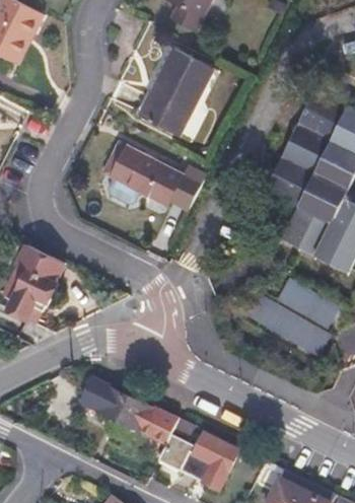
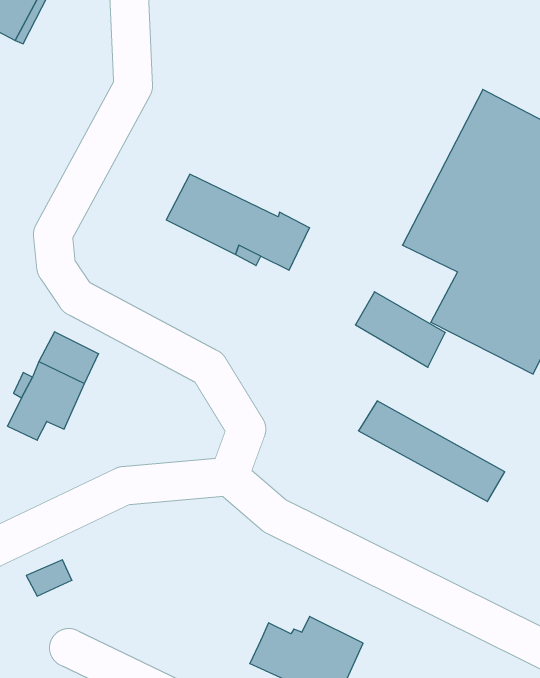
building: [142,50,214,136] -> none
building: [278,278,336,327] -> [355,292,445,367]
building: [77,373,179,446] -> none

